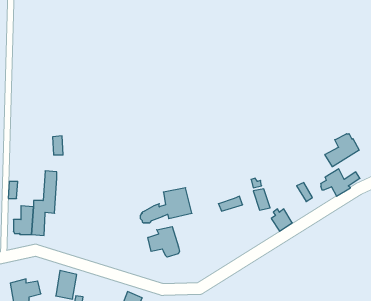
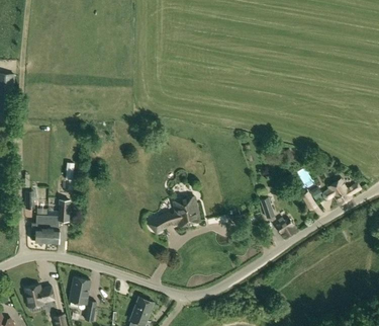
building: [325,134,359,167] -> none
building: [148,227,179,257] -> none

